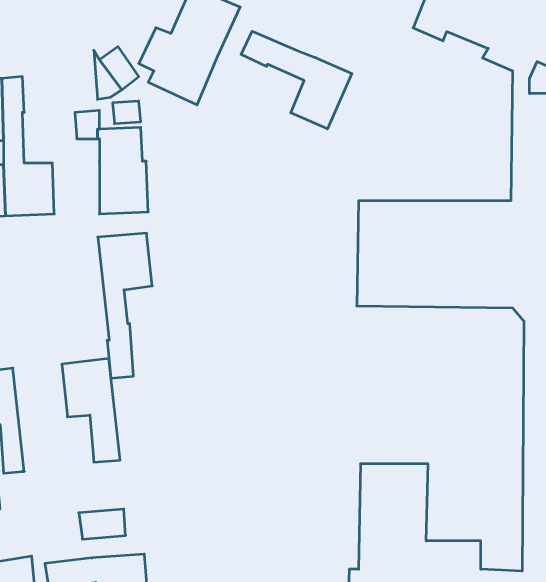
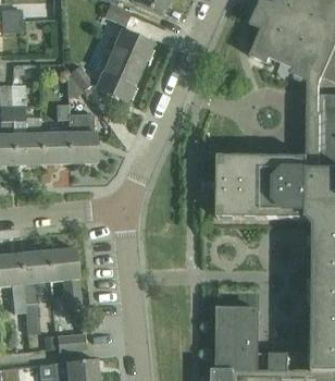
building: [241,31,352,129] -> none
building: none -> [42,133,70,163]
building: [98,233,152,378] -> [20,250,51,334]

